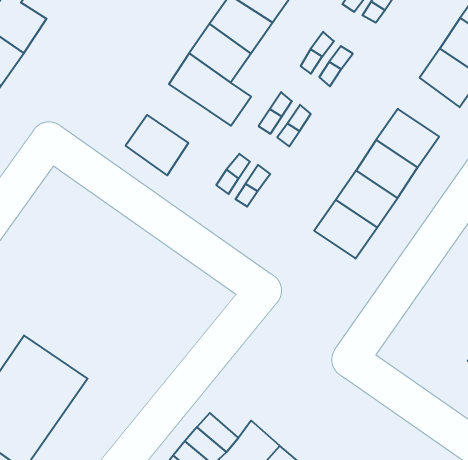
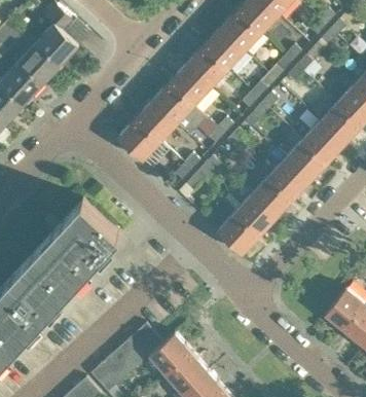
building: none -> [302,122,343,164]
building: none -> [135,102,177,143]
building: none -> [217,214,259,255]
building: none -> [31,201,120,290]

